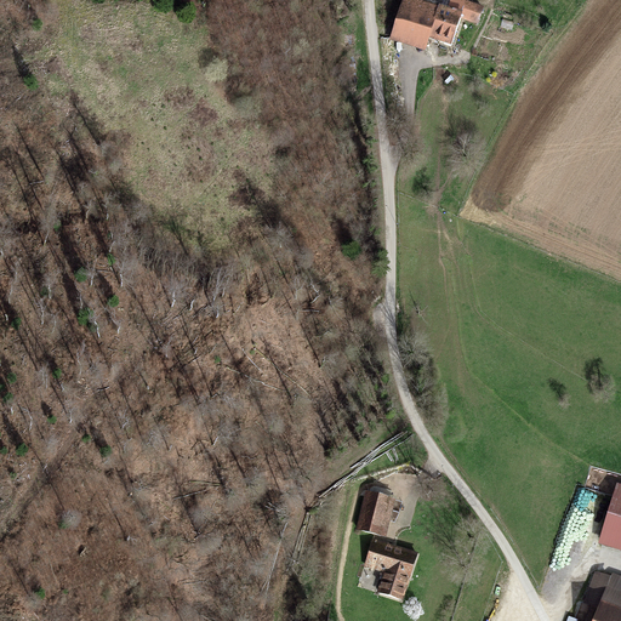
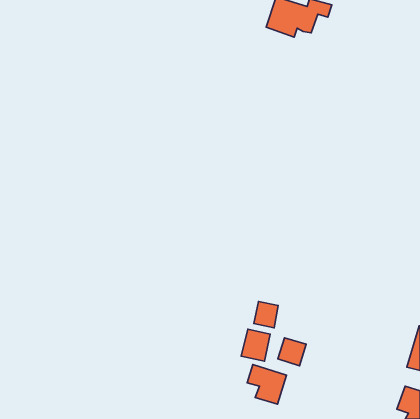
building: none -> [254,301,278,328]
building: none -> [278,338,306,366]

